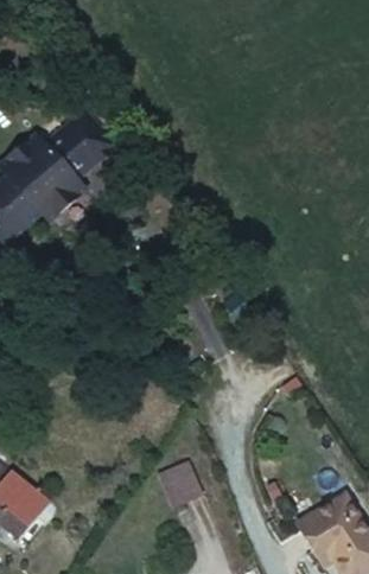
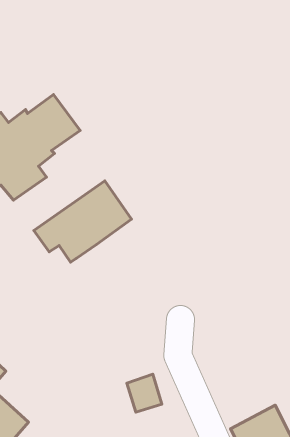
building: none -> [34,181,131,262]

